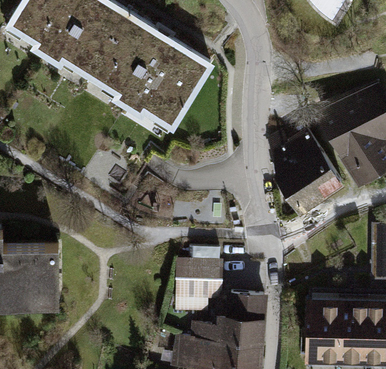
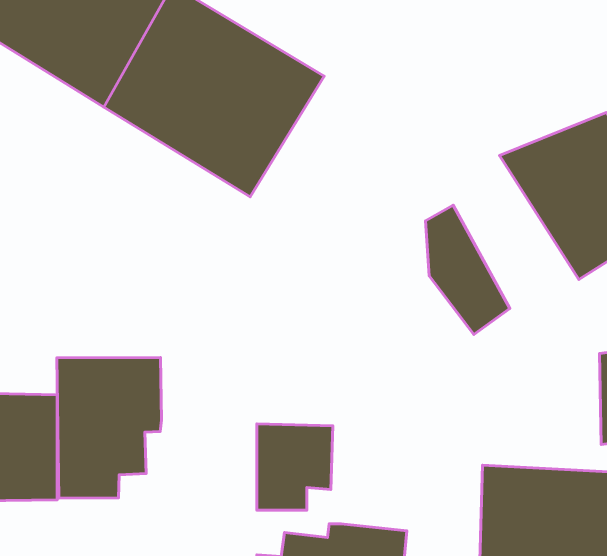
building: [290,127,344,195] -> none
building: none -> [57,357,161,498]
building: [225,292,266,324] -> none

